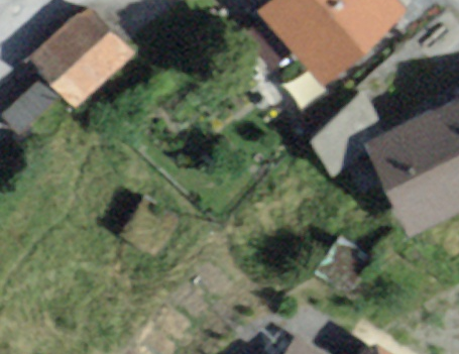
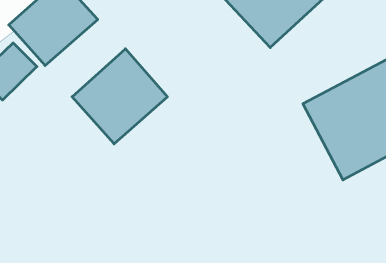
building: none -> [72,49,167,144]

